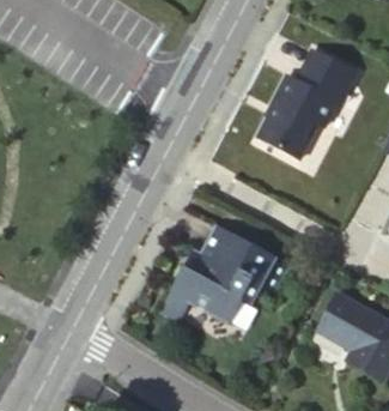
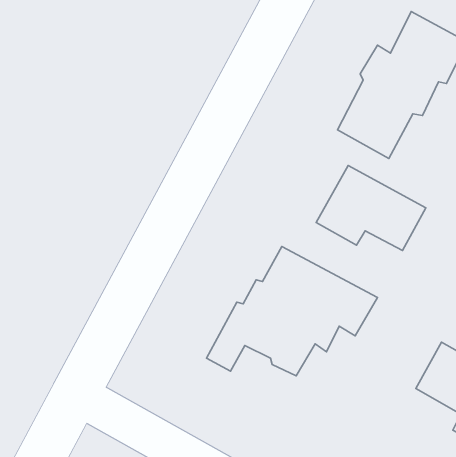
building: none -> [316,165,426,251]

